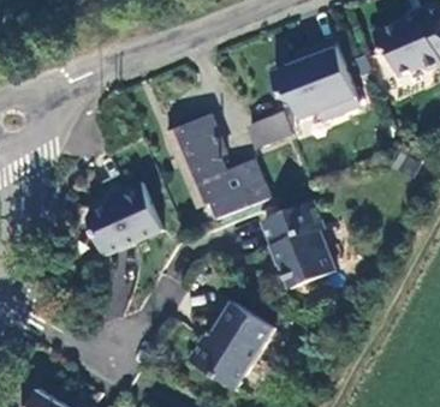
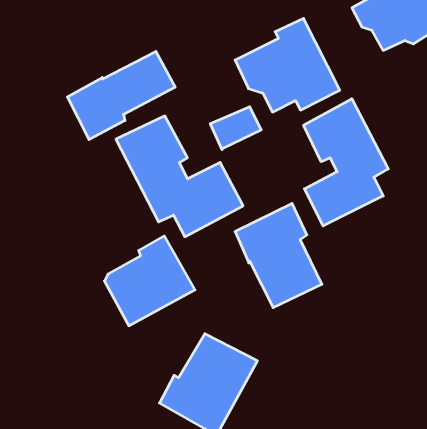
building: none -> [67,51,175,140]
building: none -> [304,99,388,226]
building: [85,181,162,256] -> [104,236,195,326]

